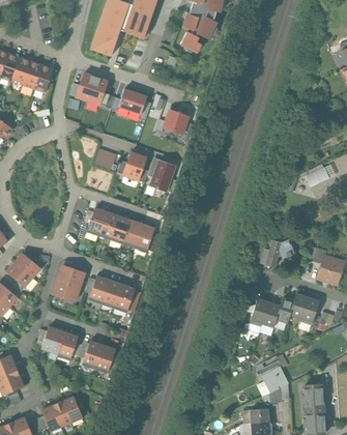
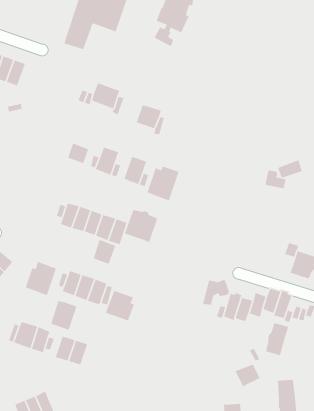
building: [76,74,107,105] -> none
building: none -> [147,166,180,201]
building: none -> [124,209,158,243]
building: [265,239,293,266] -> [202,278,230,305]
building: none -> [93,239,116,265]
building: none -> [105,290,135,321]
building: none -> [50,300,78,331]
building: none -> [265,322,289,356]

